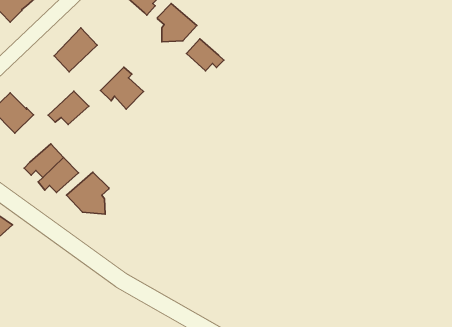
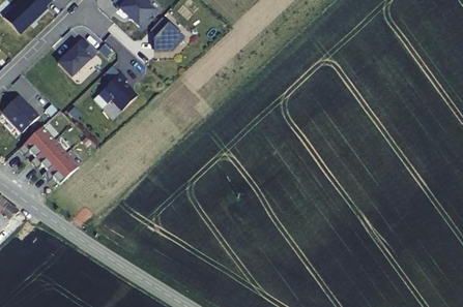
building: [187,39,224,71] -> none
building: [48,91,89,125] -> [20,127,56,157]
building: [67,172,109,214] -> none

